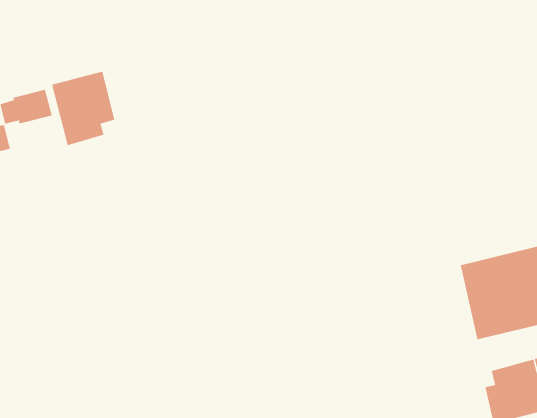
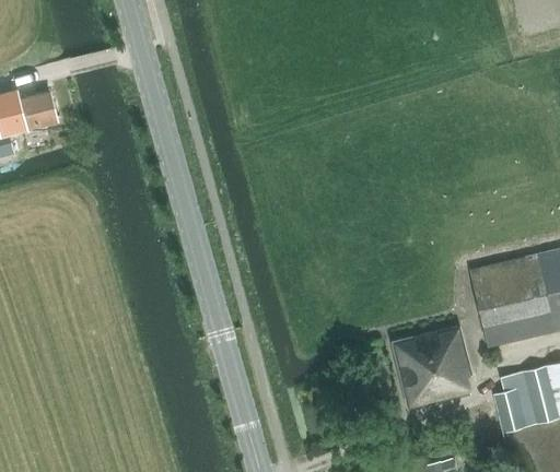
building: [51,70,115,146] -> none
building: none -> [393,327,471,409]

